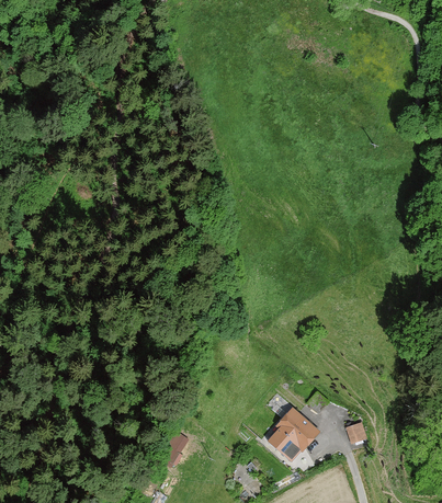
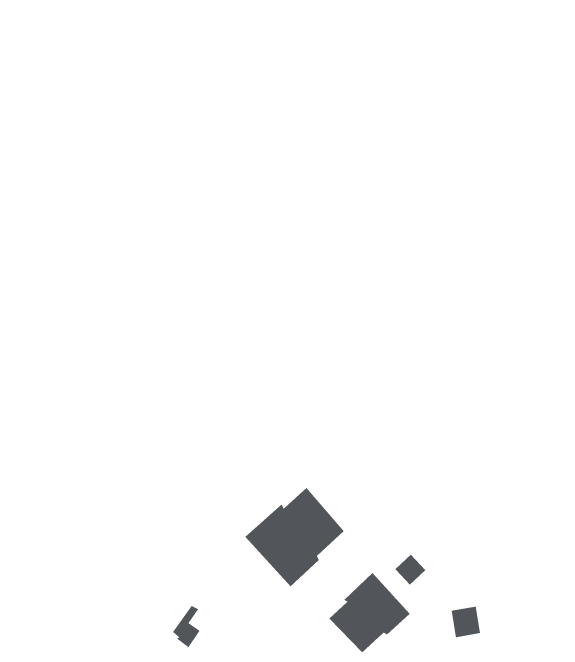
building: none -> [244,487,345,587]

